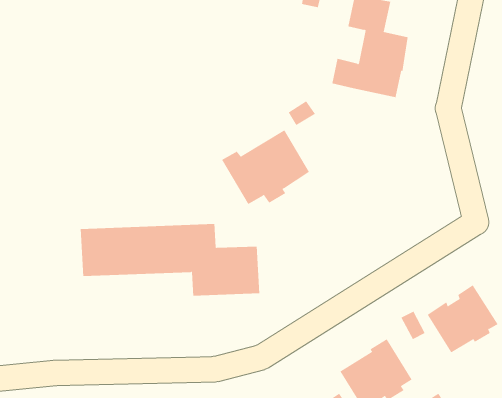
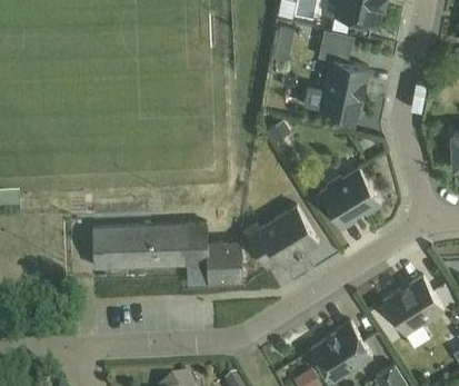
building: [221,130,310,205] -> [243,206,318,269]
building: none -> [320,168,380,227]

